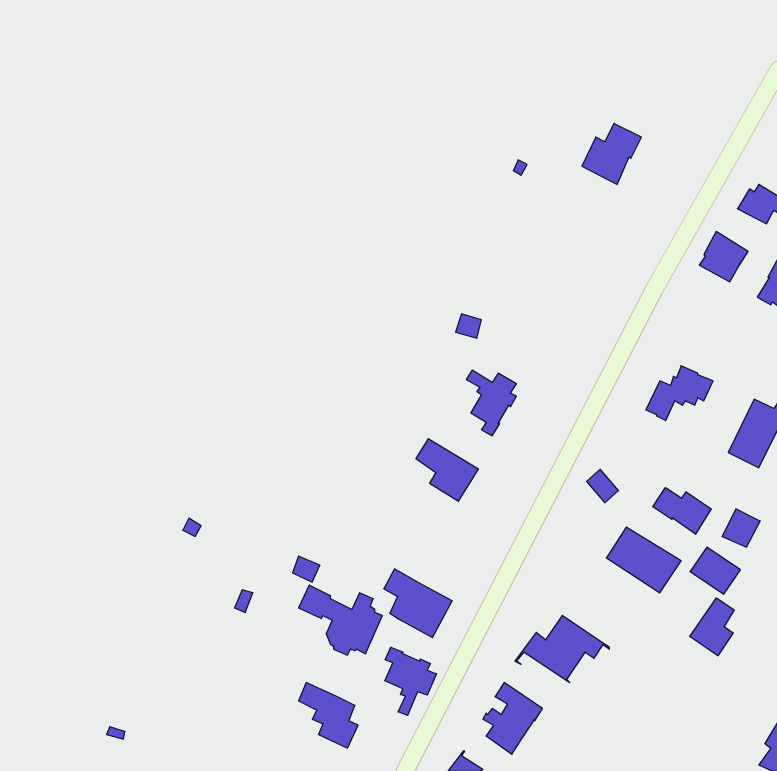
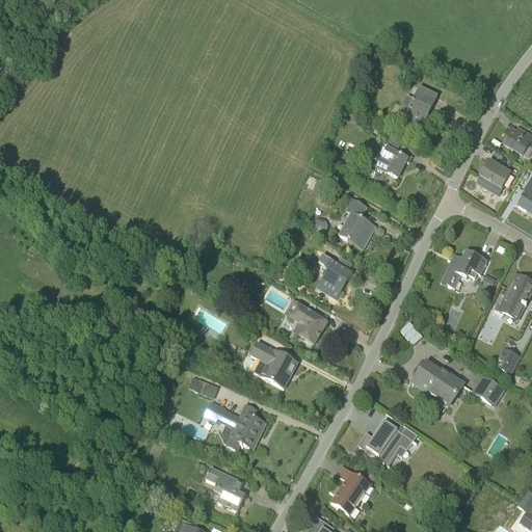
building: none -> [373,130,407,176]
building: none -> [339,196,374,246]
building: [653,488,711,534] -> none
building: [384,569,452,638] -> [250,340,297,387]
building: [690,598,734,656] -> none
building: [385,647,437,715] -> none

